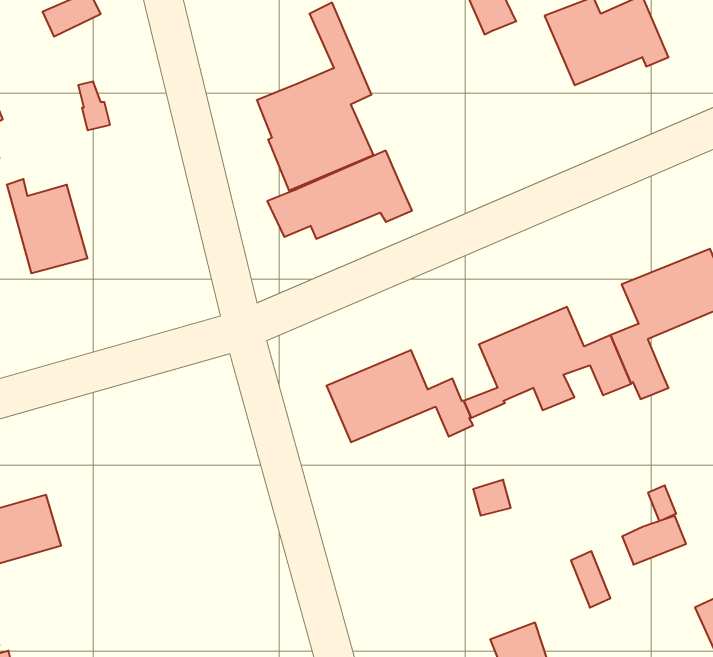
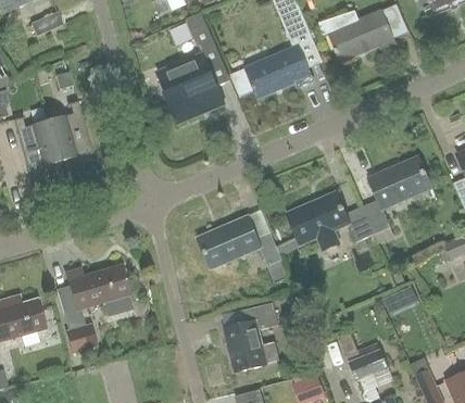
building: [267,151,412,239] -> [229,45,313,96]
building: none -> [47,101,90,162]
building: none -> [63,265,130,352]
building: none -> [224,304,279,373]
building: [622,516,686,565] -> [349,352,386,380]

